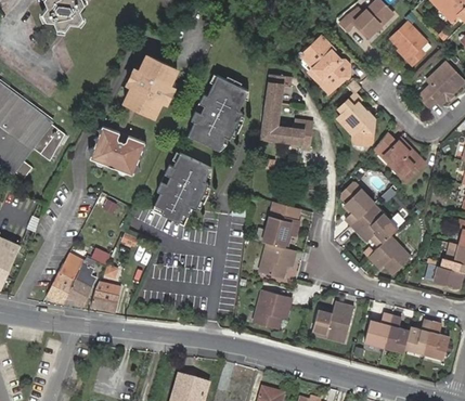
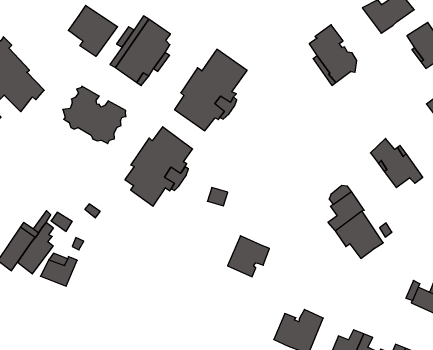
building: none -> [68,5,118,56]
building: [261,74,313,148] -> none
building: [338,94,375,141] -> none
building: [254,200,298,247] -> none
building: [369,235,411,274] -> none
building: [253,287,290,326] -> none

